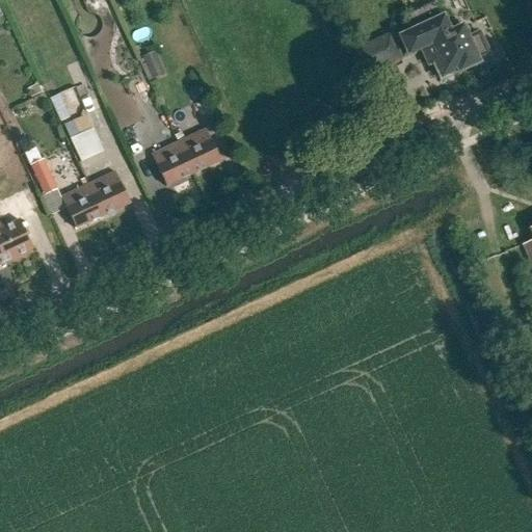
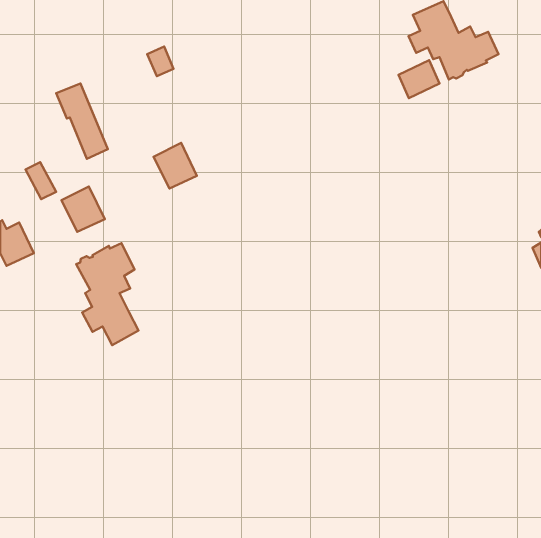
building: [358,34,399,72] -> [398,60,440,98]
building: [178,128,220,172] -> none
building: [87,170,130,215] -> none
building: none -> [76,243,138,345]

